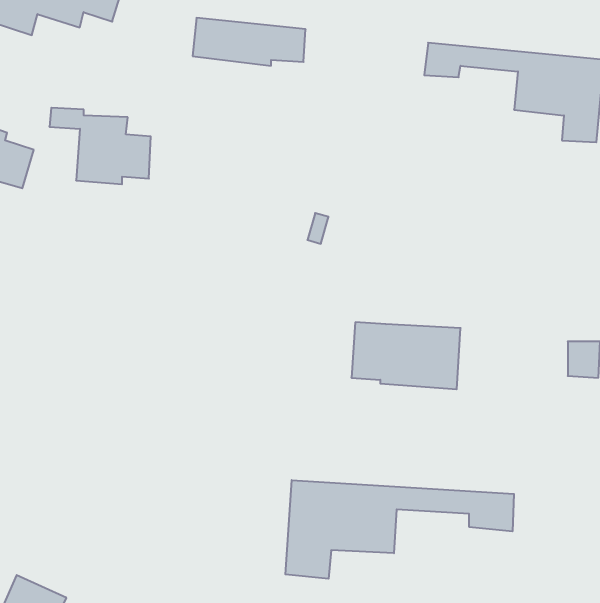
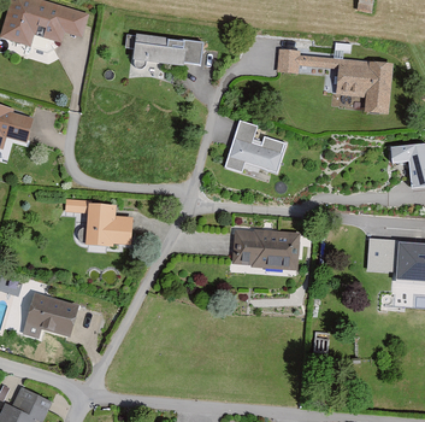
building: [49,108,151,184] -> [64,199,128,247]
building: none -> [231,119,293,174]
building: none -> [20,294,76,341]
building: [285,480,514,579] -> none

